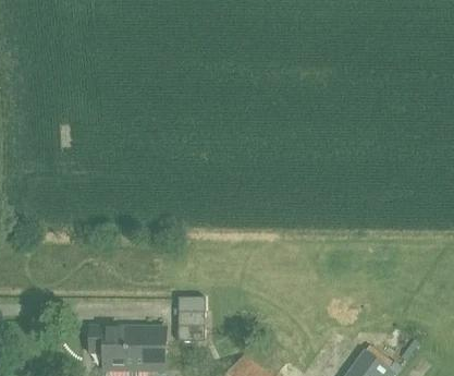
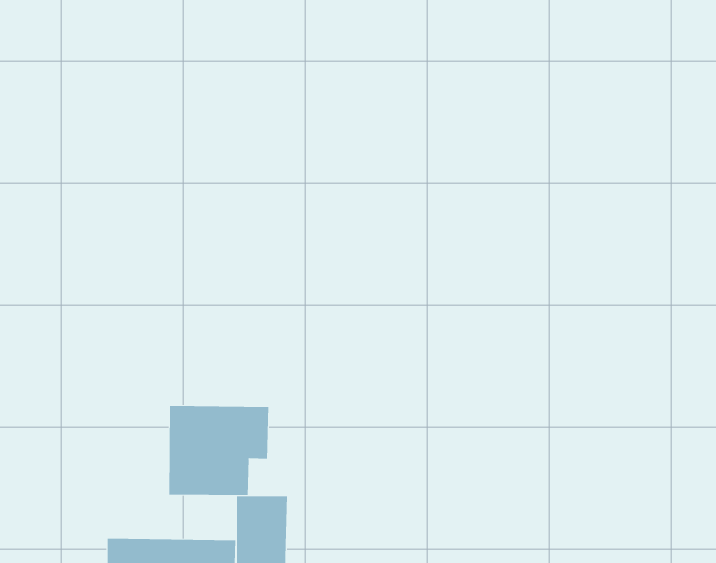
building: none -> [169,405,269,496]

